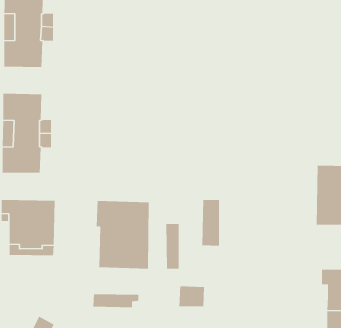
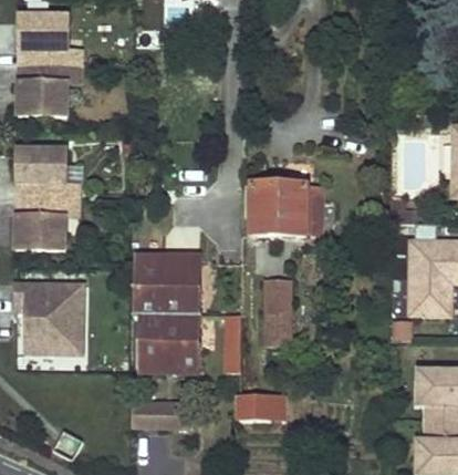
building: none -> [252,184,308,234]
building: none -> [135,255,204,285]

